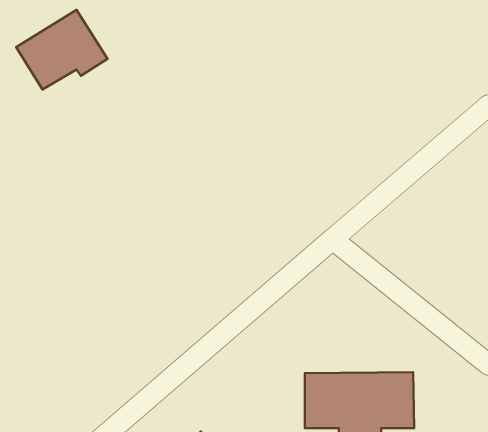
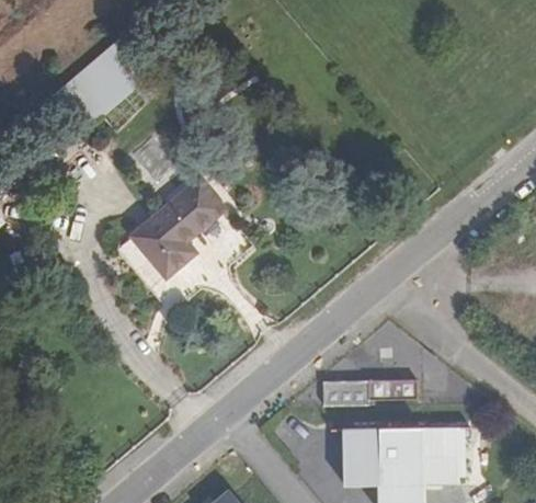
building: none -> [132,182,220,277]
building: none -> [324,380,414,407]

